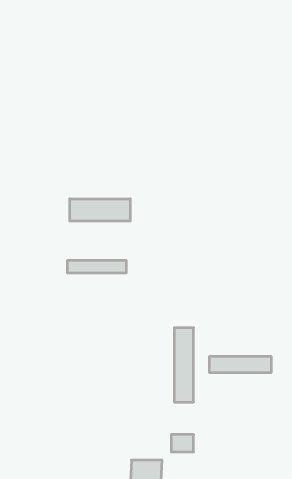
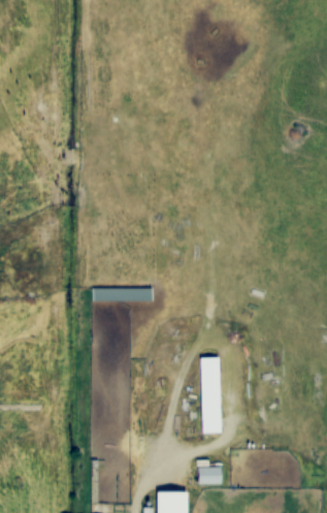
building: [70,199,130,221] -> none
building: [210,356,271,373] -> none

